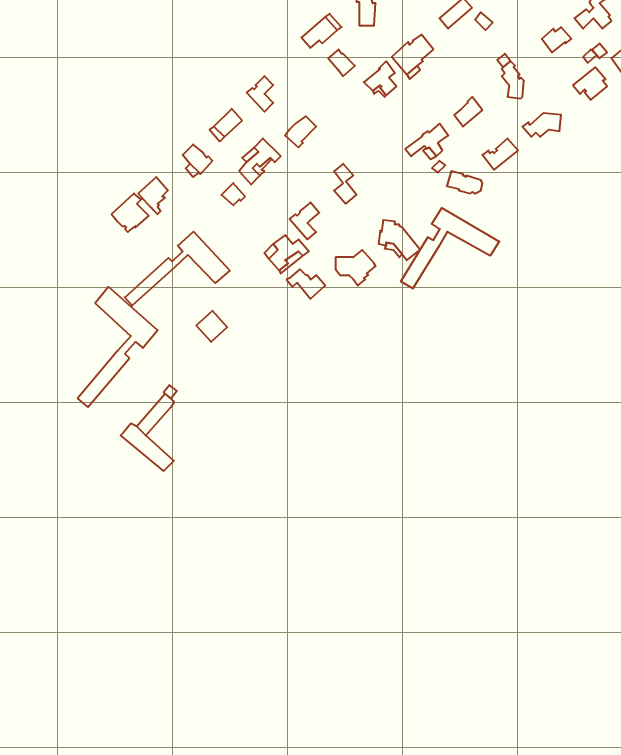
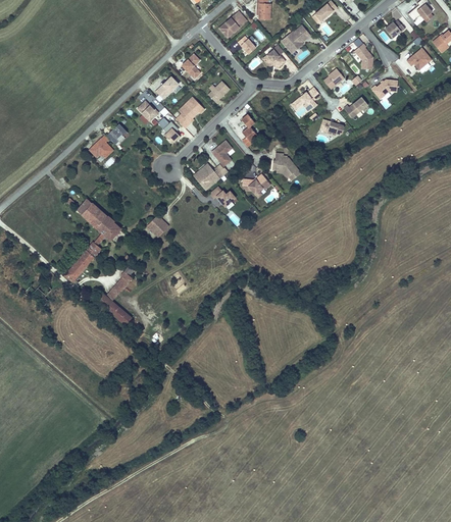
building: [401,208,499,289] -> none
building: [125,232,230,306] -> none

